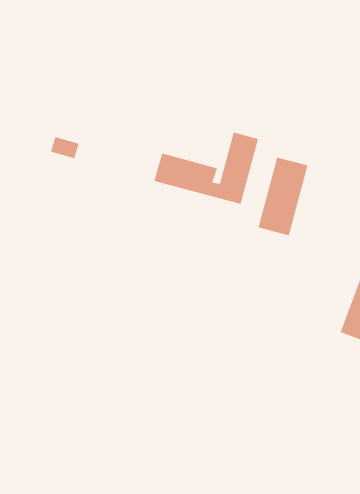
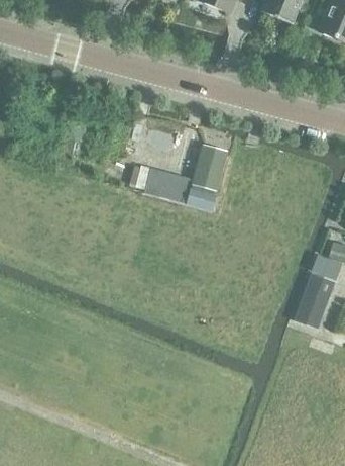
building: [258,157,308,236] -> none

